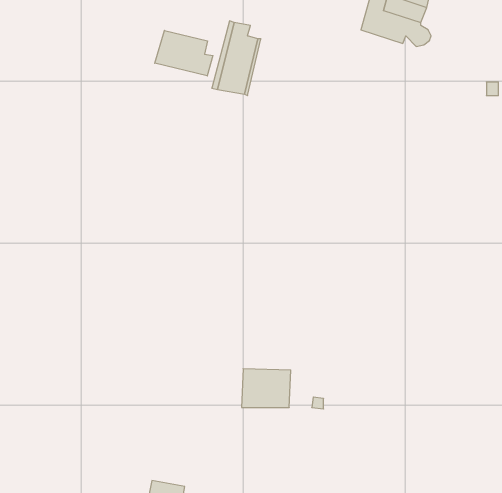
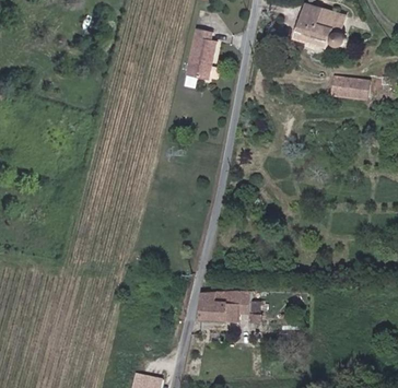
building: [155,30,213,76] -> none
building: none -> [332,82,365,102]

